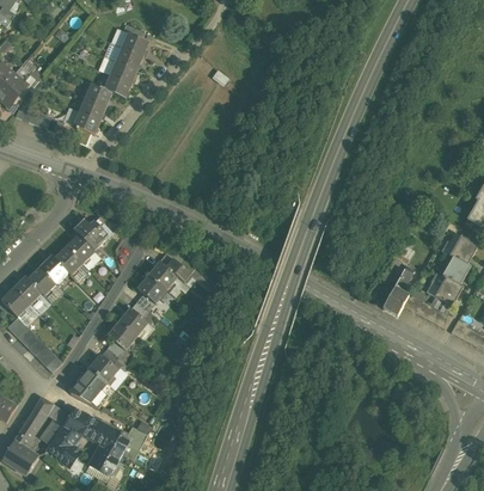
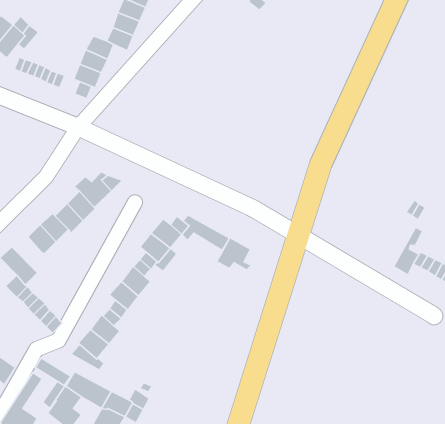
building: [12,276,49,313] -> none
building: none -> [216,238,251,270]

